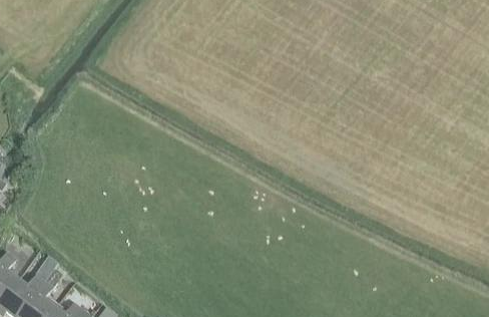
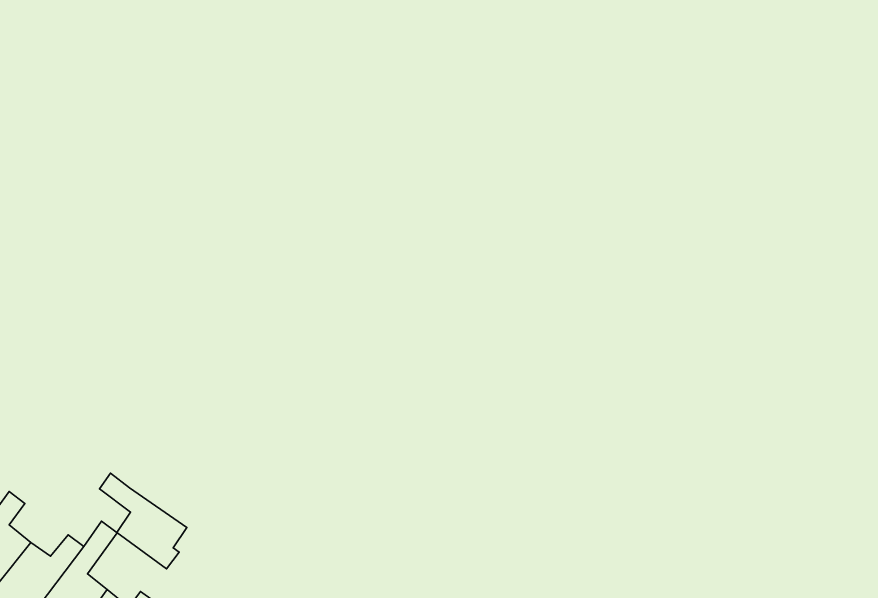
building: none -> [99,473,187,569]

